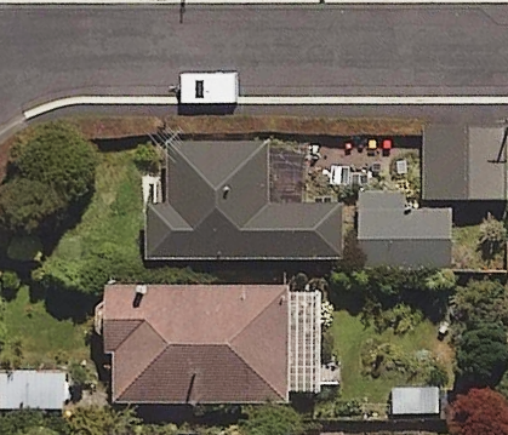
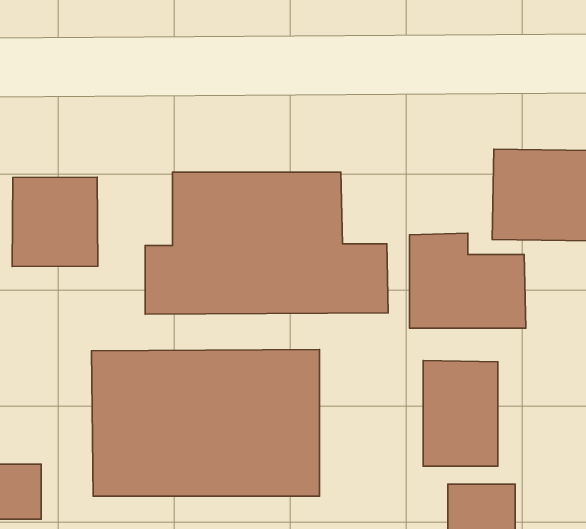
building: none -> [12,177,98,267]
building: none -> [423,360,498,466]

